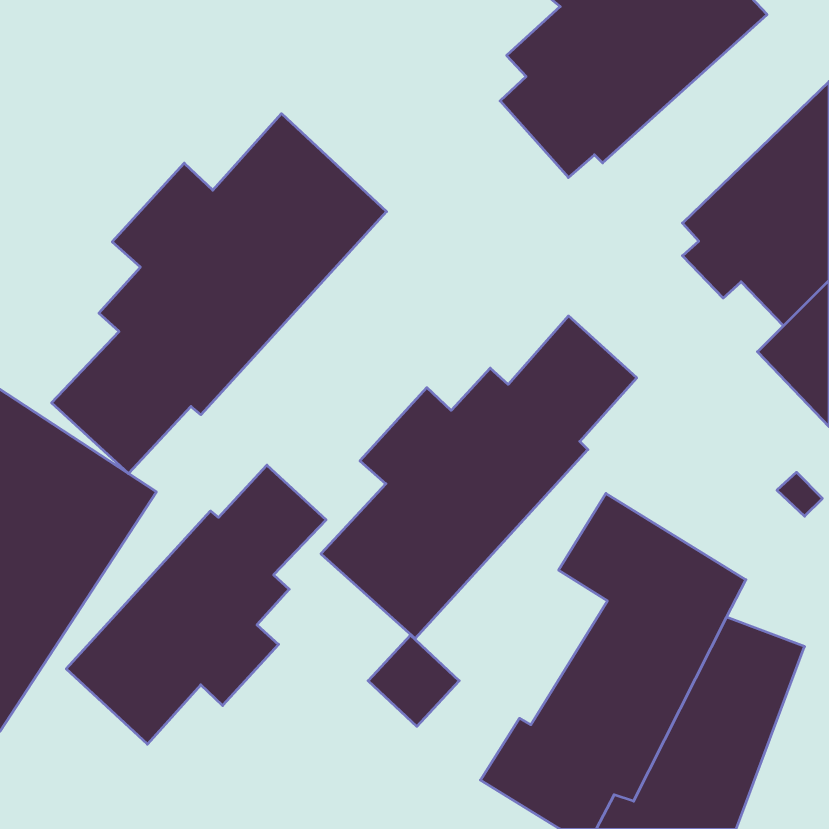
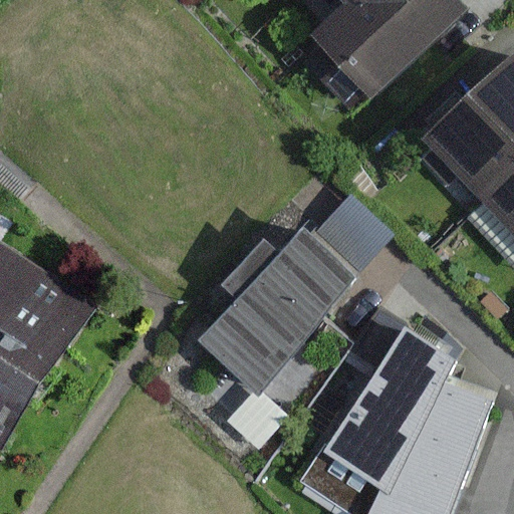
building: [52,114,387,474] -> none
building: [66,465,326,744] -> none

